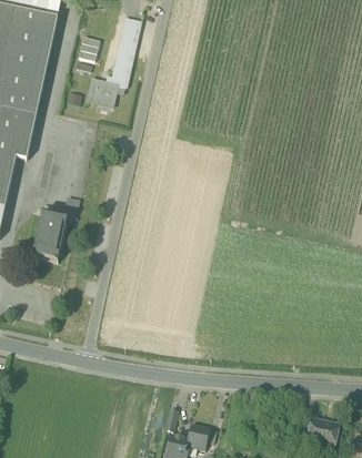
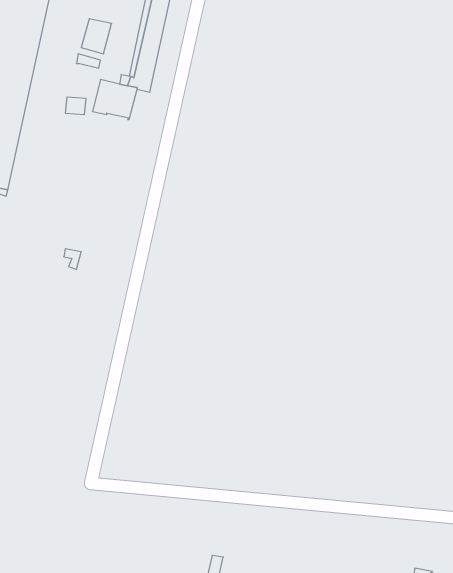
building: [34,213,69,263] -> none

